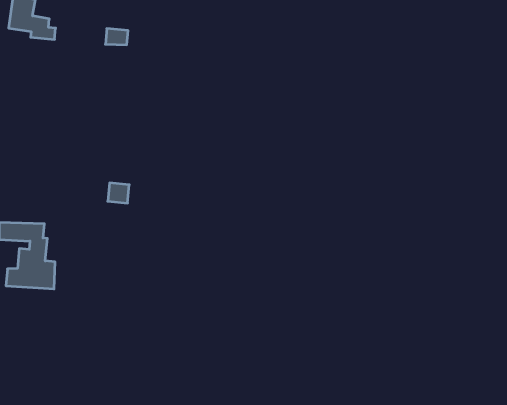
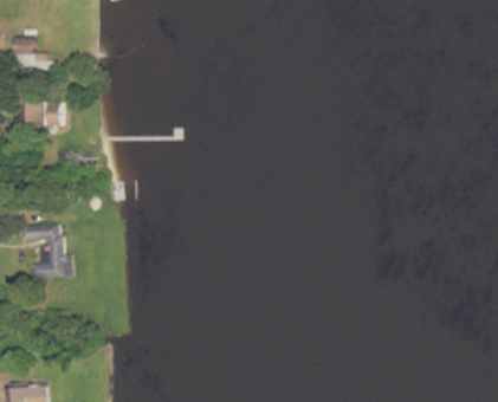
building: none -> [21,102,62,128]

